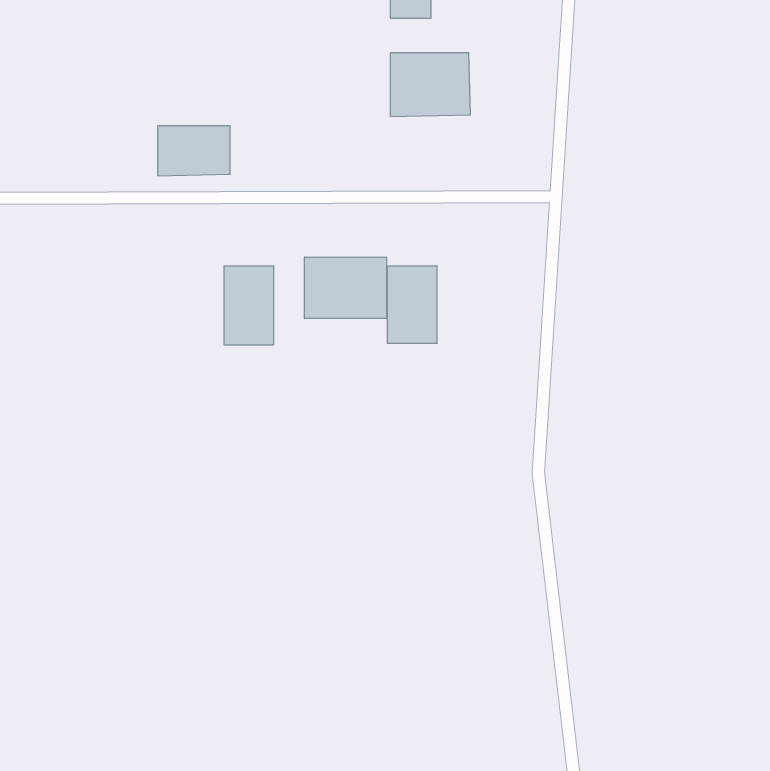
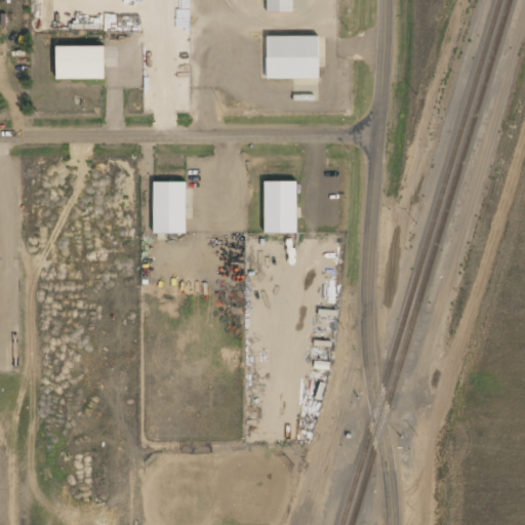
building: [158,126,230,176] -> [54,45,104,79]
building: [305,257,386,319] -> none

